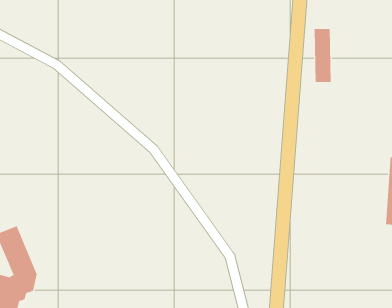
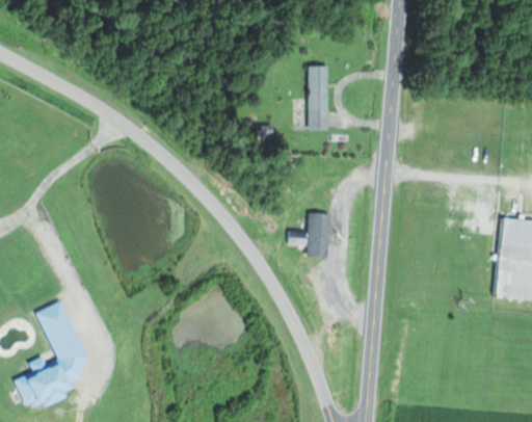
building: [314,29,332,82] -> [308,65,328,129]
building: none -> [308,214,329,257]

